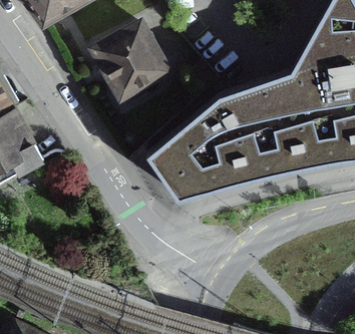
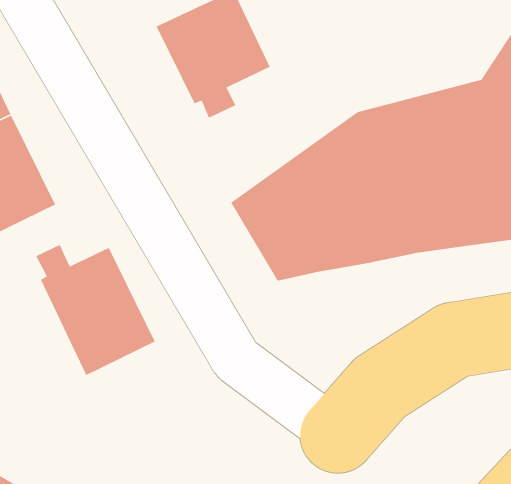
building: none -> [35,244,156,376]

